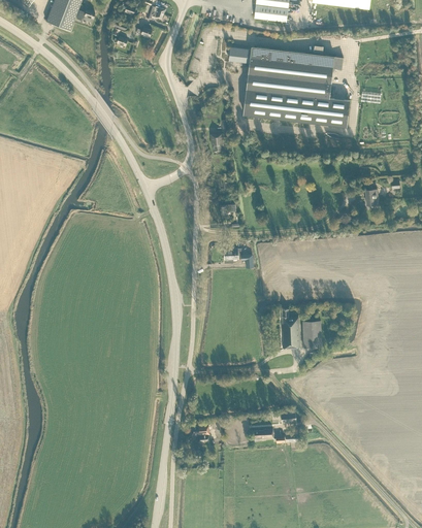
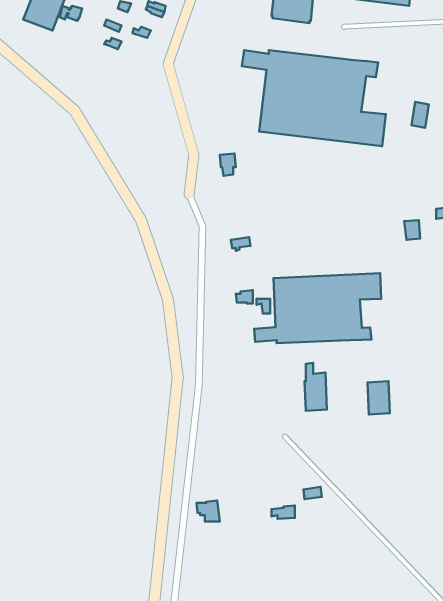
building: none -> [254,273,381,343]
building: [302,319,321,346] -> [368,381,390,415]

